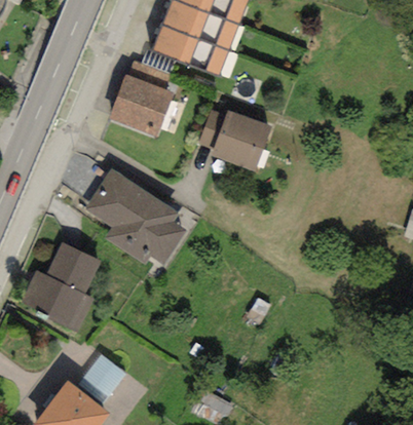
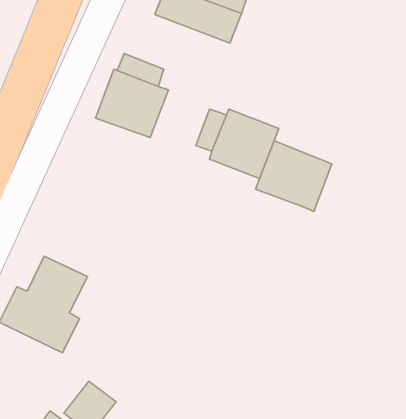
building: [151,25,228,75] -> none
building: none -> [255,141,332,211]
building: [82,167,186,265] -> none

